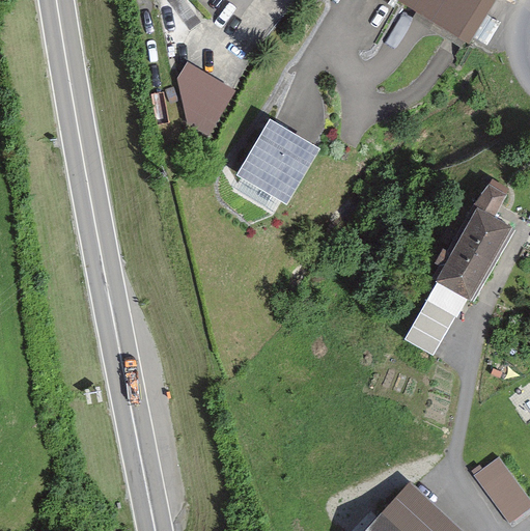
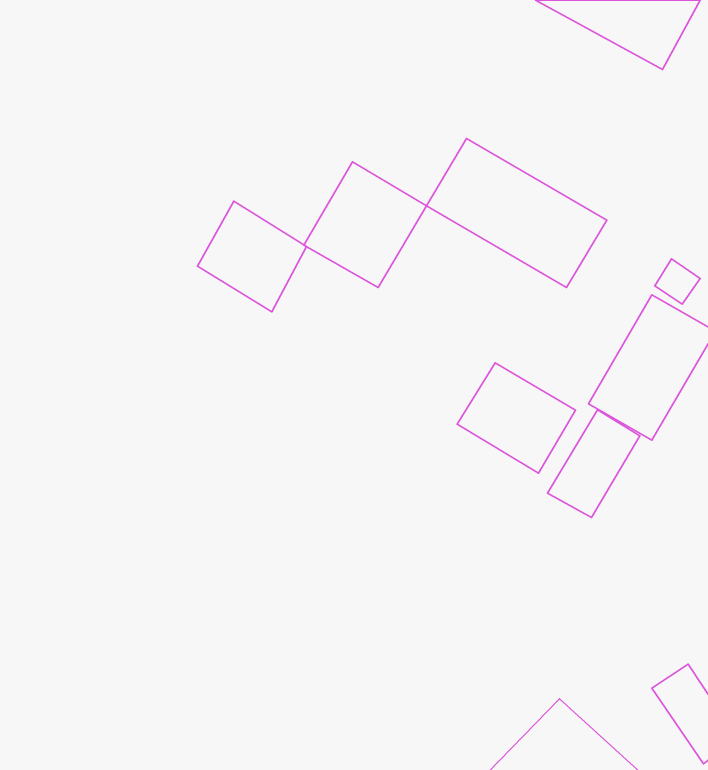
building: [159,60,233,136] -> [198,201,306,312]
building: none -> [426,139,607,287]
building: none -> [457,363,576,473]

